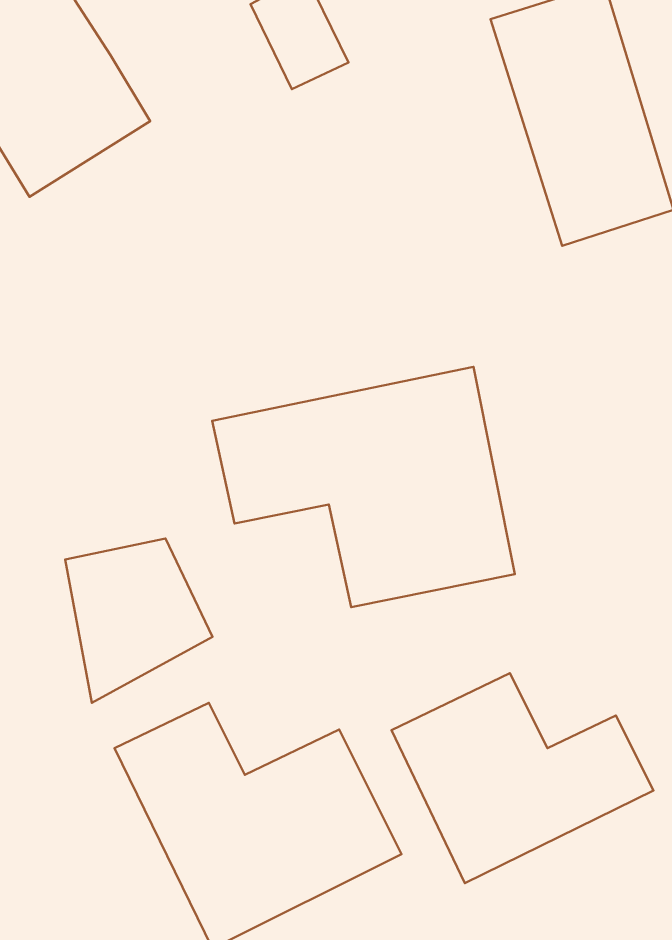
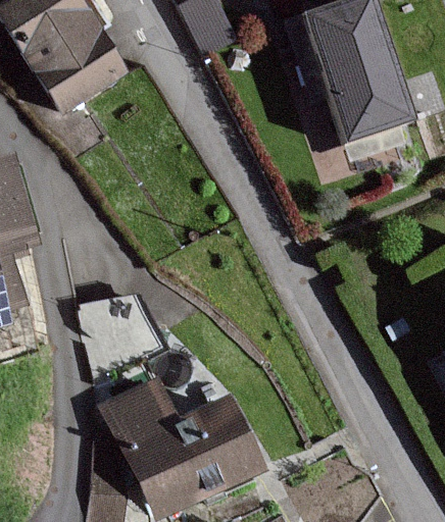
building: [212,367,515,607] -> none
building: [391,673,654,883] -> none

